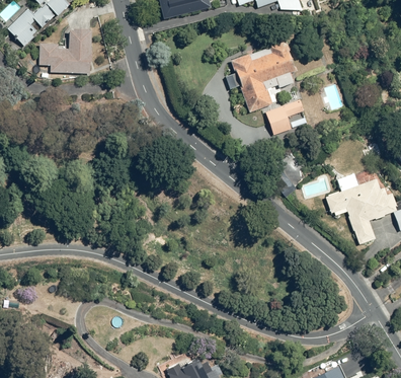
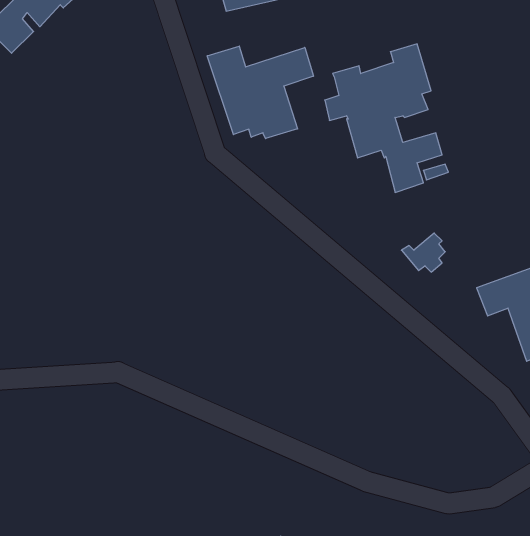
building: [38,29,92,73] -> none
building: none -> [207,46,313,139]

